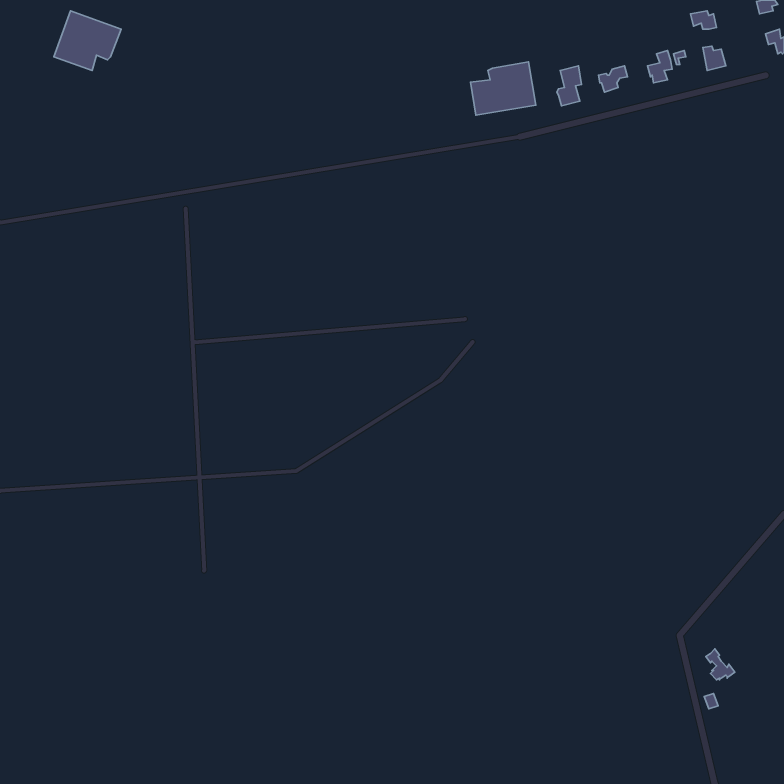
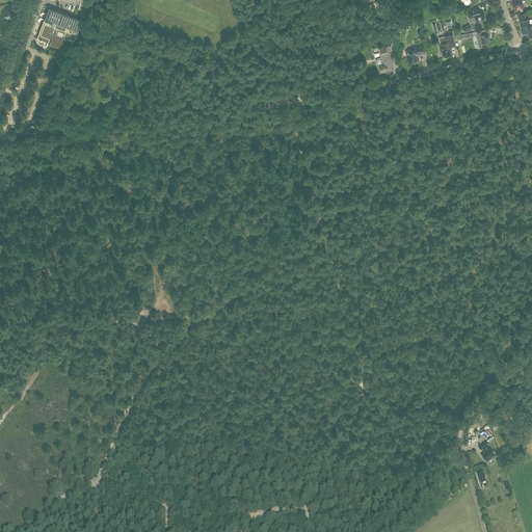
building: [471,62,536,115] -> none

